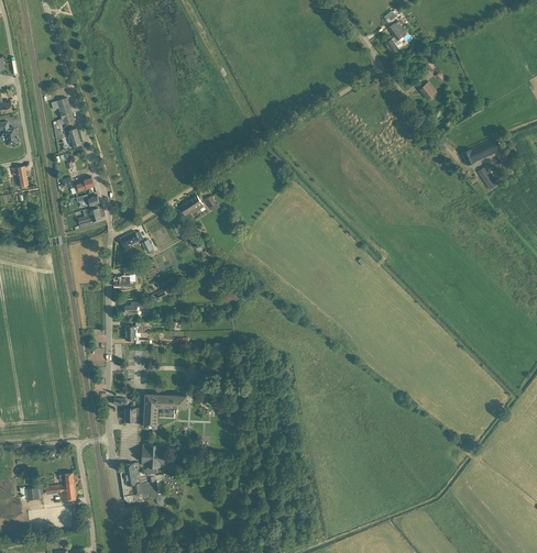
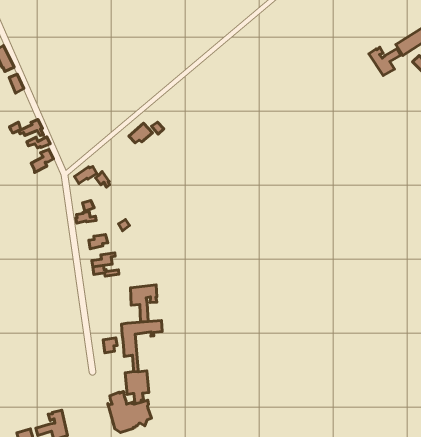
building: none -> [369,47,401,75]
building: none -> [130,285,157,322]

